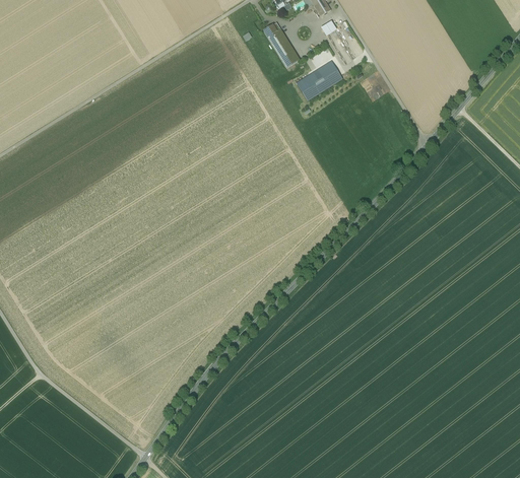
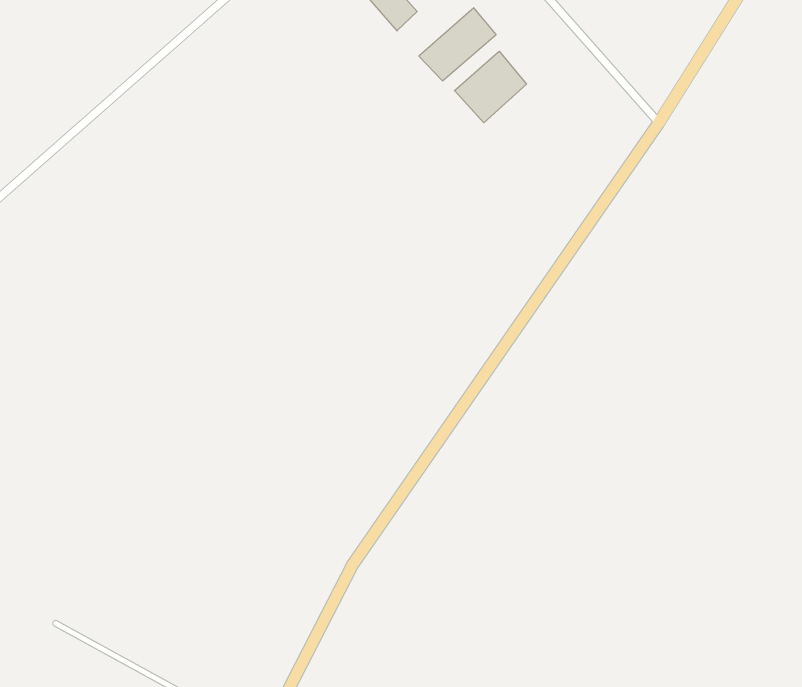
building: none -> [454,51,527,123]

